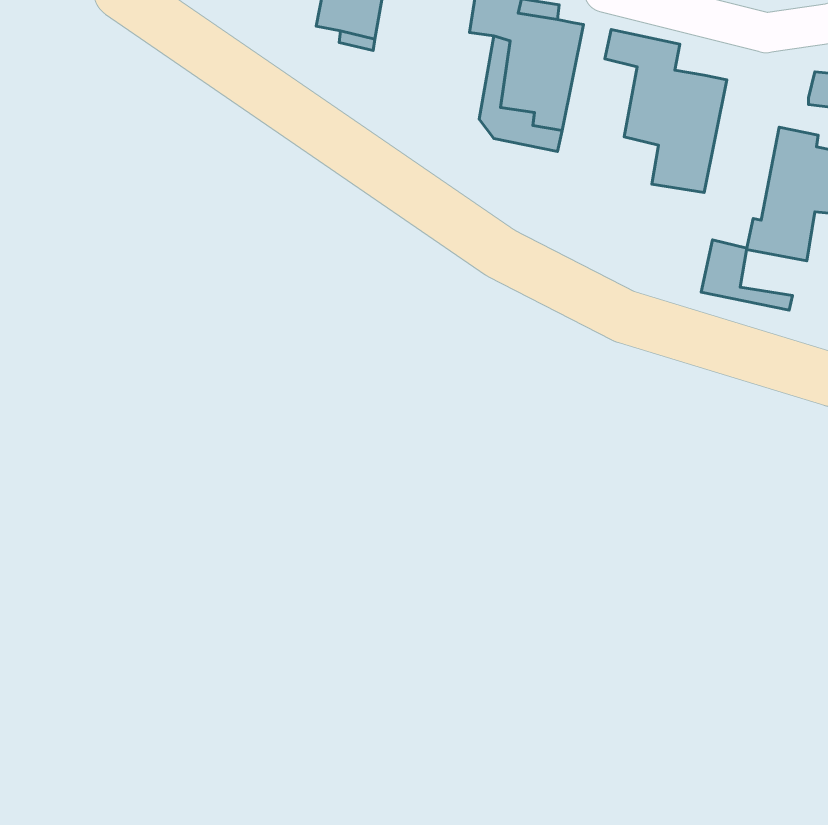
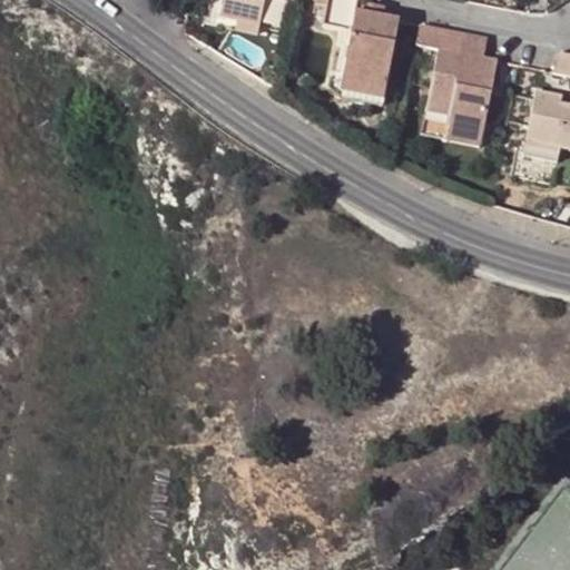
building: [701,240,792,310] -> [422,94,484,141]

